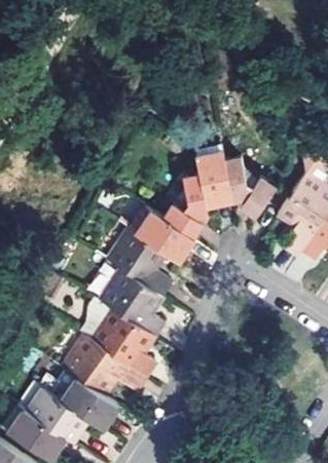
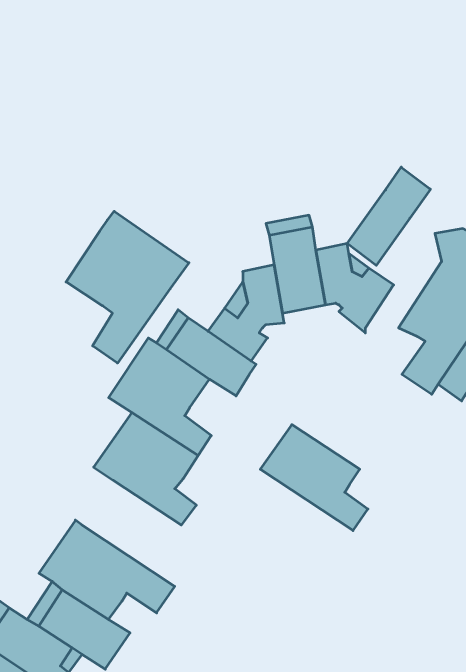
building: none -> [347,167,430,265]
building: none -> [66,211,189,363]
building: [85,311,152,377] -> [260,425,368,531]

